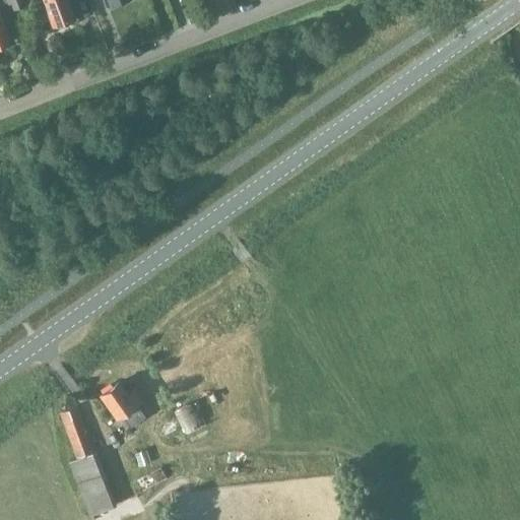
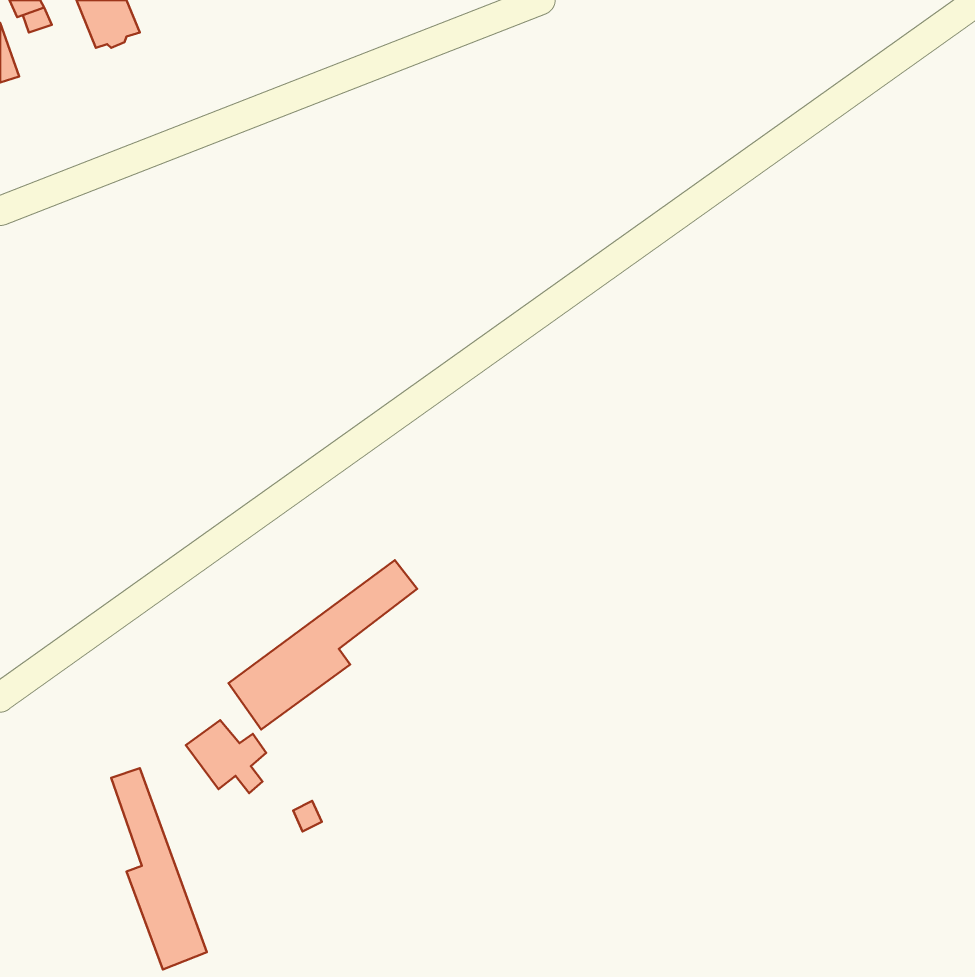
building: none -> [228,560,417,729]

